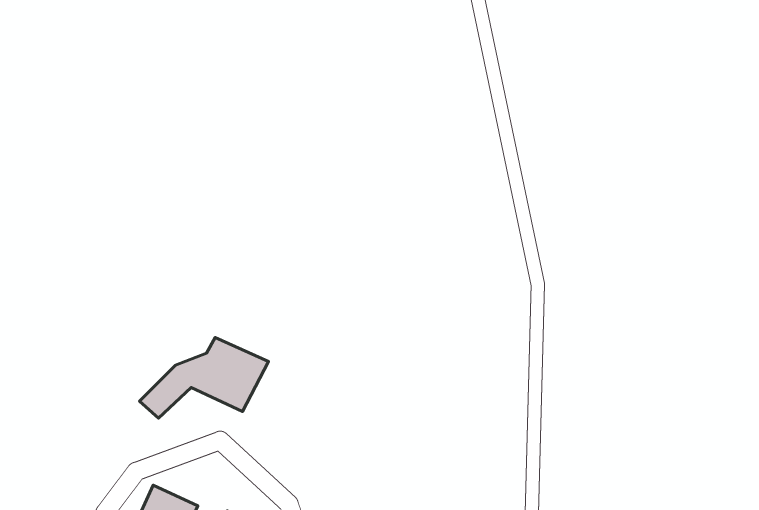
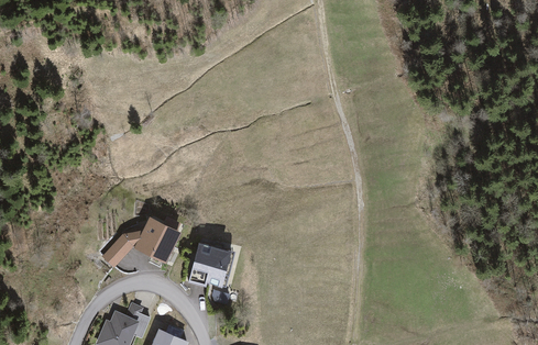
building: none -> [193,244,235,288]

